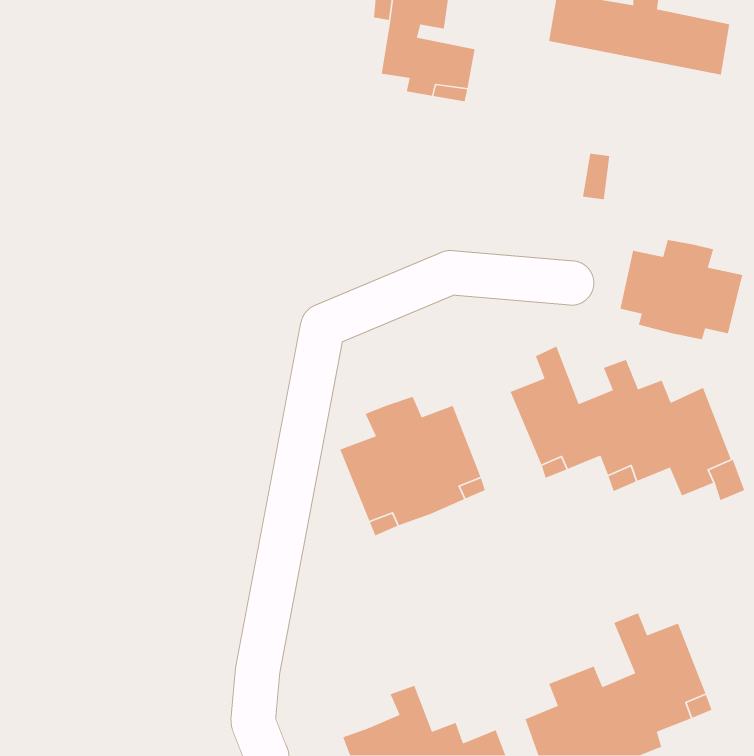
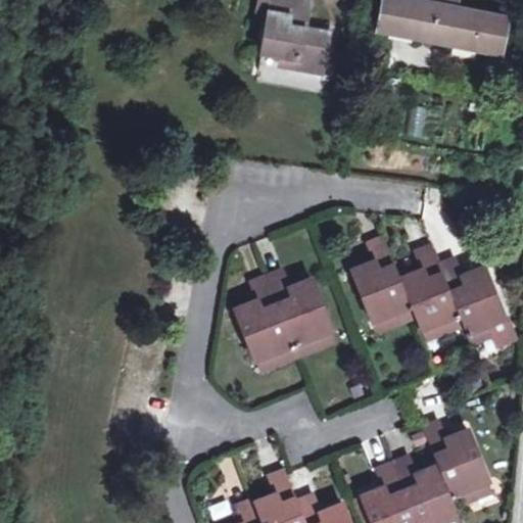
building: [619,239,743,340] -> none

